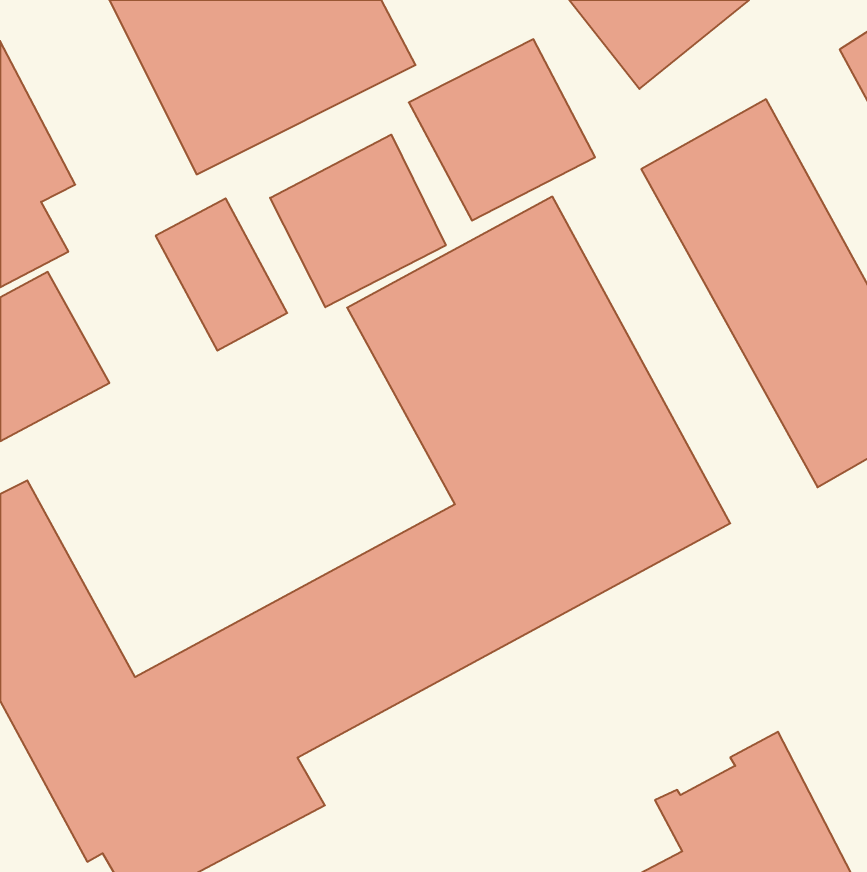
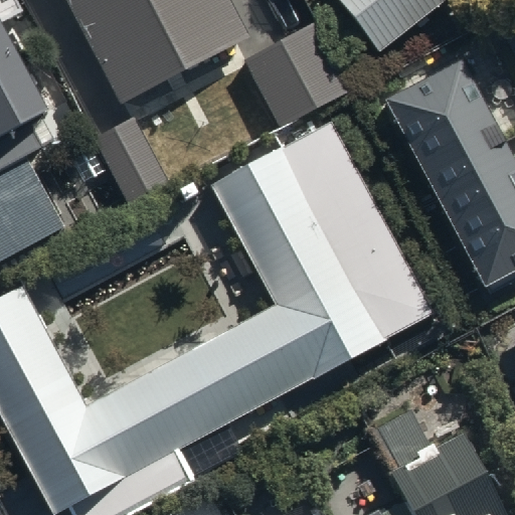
building: [270,135,446,307] -> none

